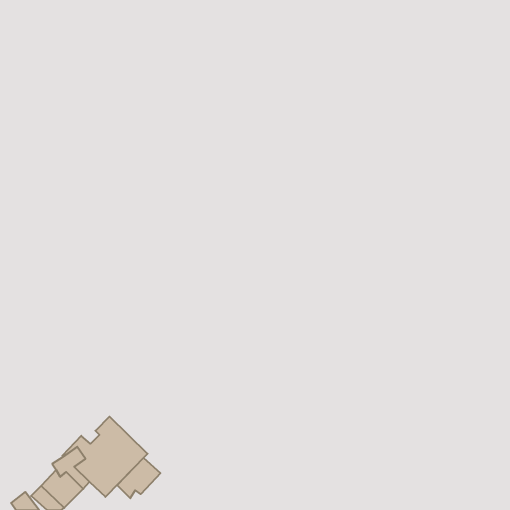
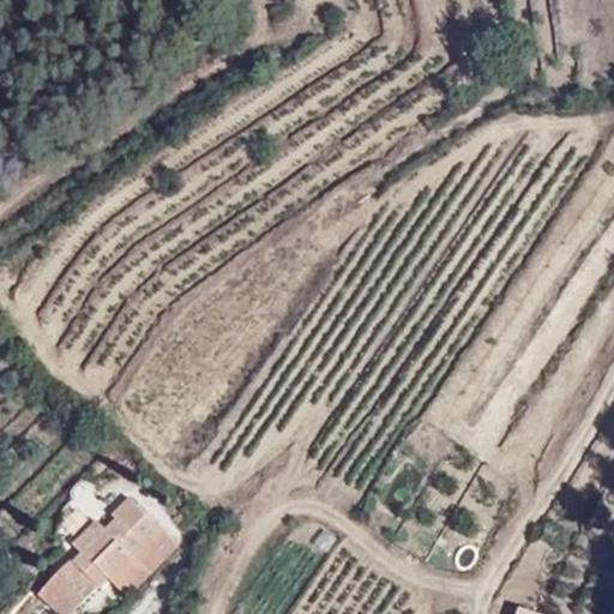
building: [117,458,160,498] -> none

